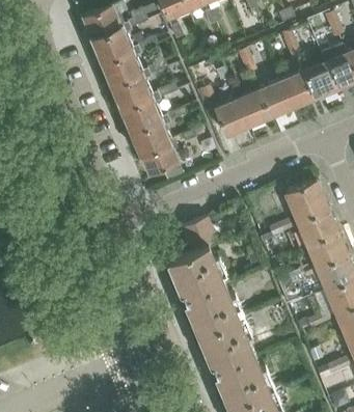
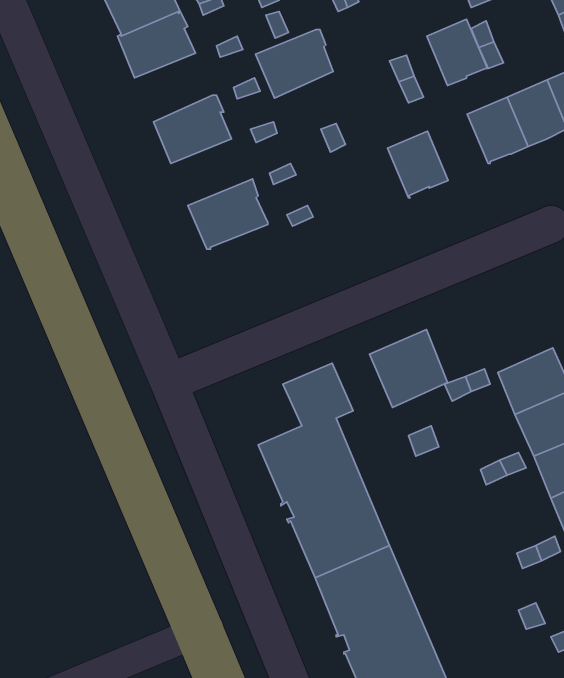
building: [99,48,141,85] -> [255,30,333,98]
building: [258,81,292,117] -> [427,19,488,86]
building: [118,93,161,131] -> none
building: [214,100,248,136] -> none
building: [140,140,178,174] -> none
building: [284,180,327,222] -> [370,329,448,407]

